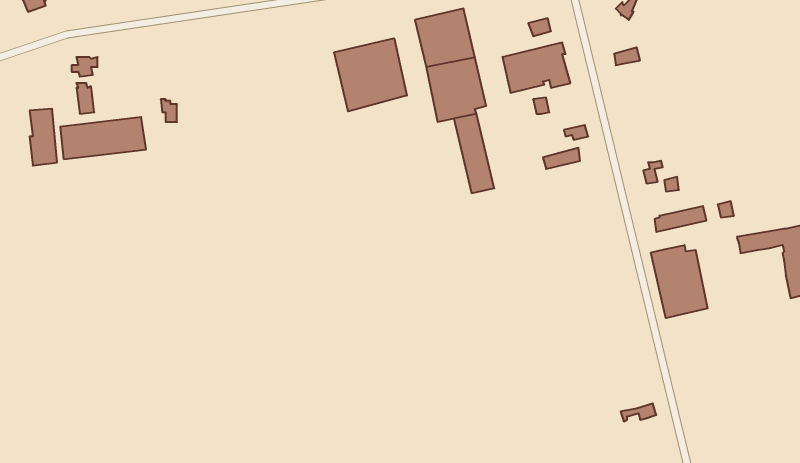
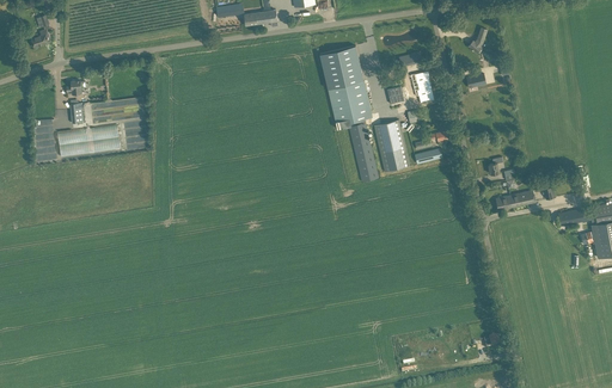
building: [334,38,407,111] -> none
building: none -> [374,119,409,171]
building: [651,245,708,318] -> none

